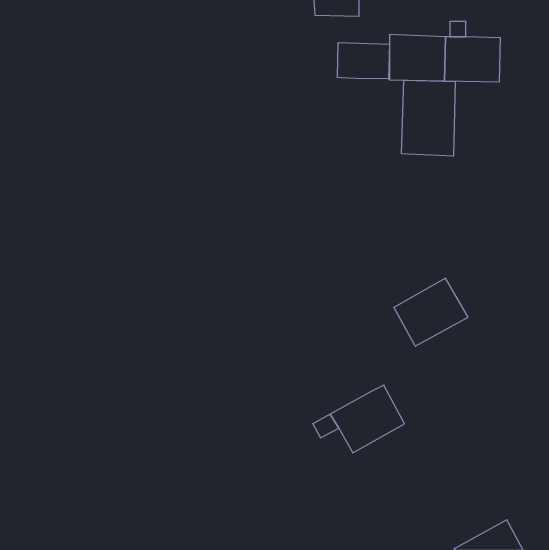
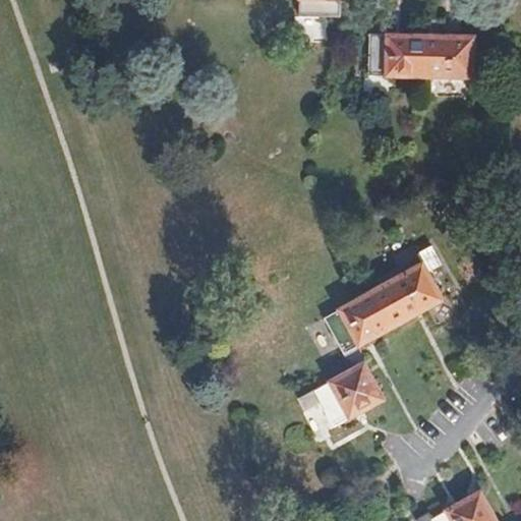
building: [337,43,389,79] -> none
building: [402,80,455,156] -> none
building: none -> [324,290,394,369]

